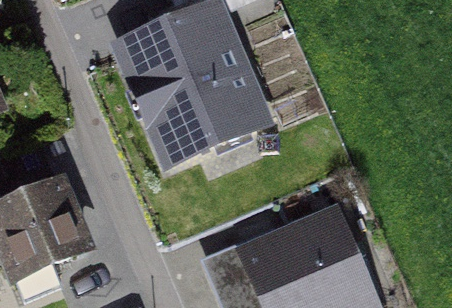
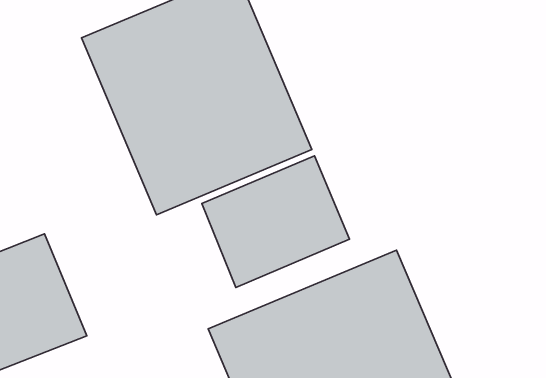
building: none -> [202,156,350,287]

